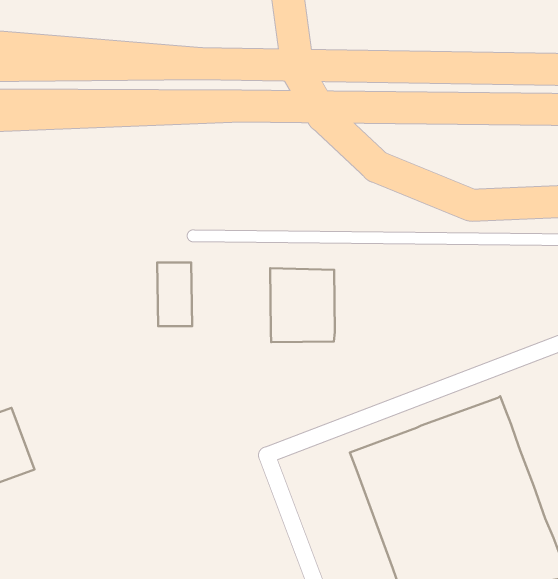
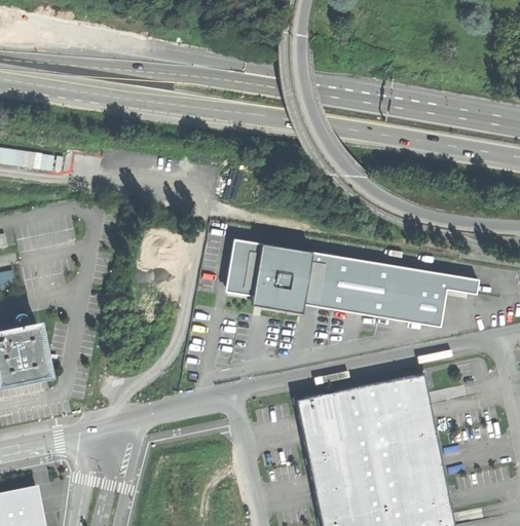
building: [157,262,192,326] -> [225,240,259,295]
building: none -> [302,254,478,324]

